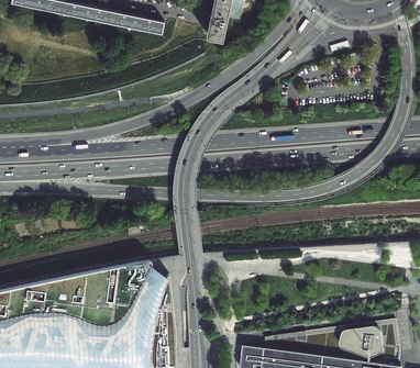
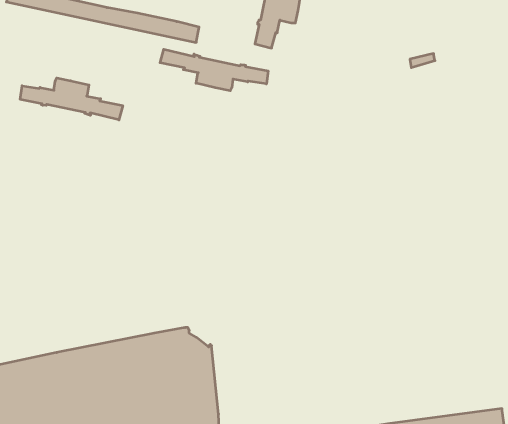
building: none -> [160,49,268,91]
building: none -> [20,78,123,120]

